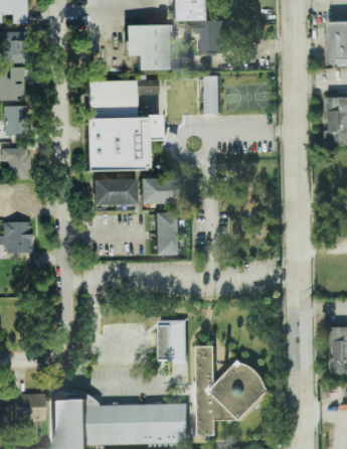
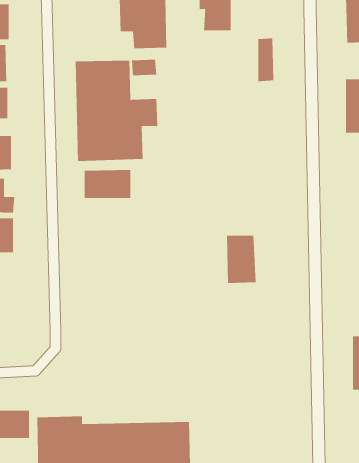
building: [204,76,219,115] -> [257,38,274,82]
building: [139,177,182,203] -> none
building: [154,212,181,256] -> [226,235,256,284]
building: [159,321,187,360] -> none
building: [198,346,268,435] -> none

